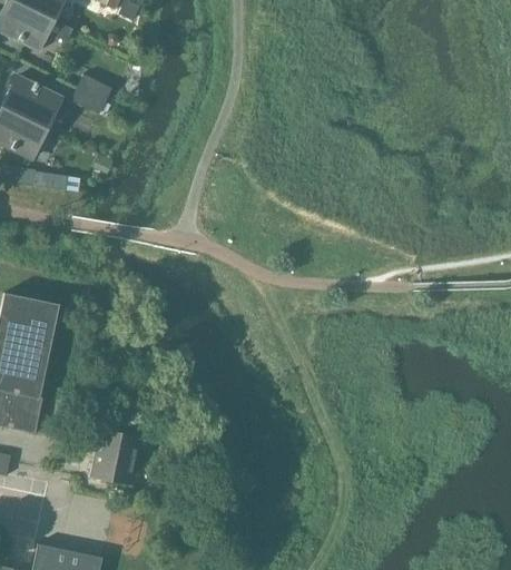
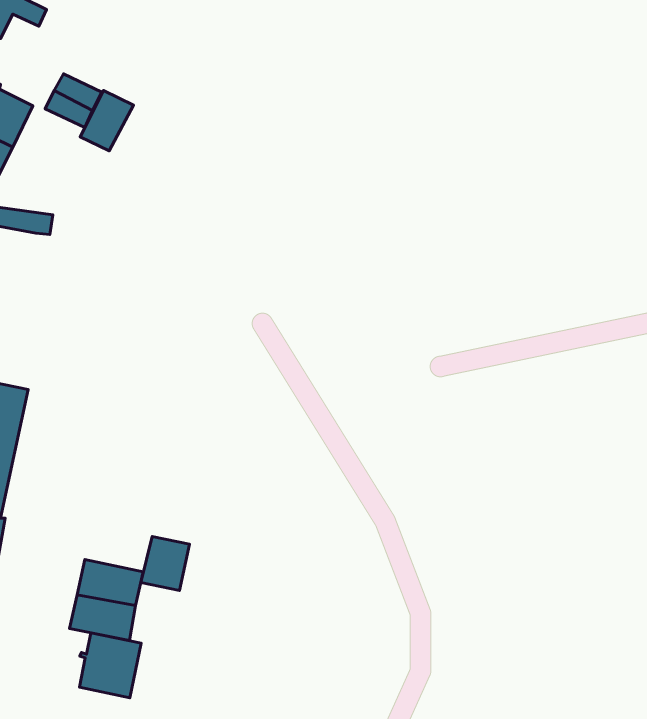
building: none -> [80,90,134,151]
building: none -> [141,537,189,590]
building: none -> [80,633,141,698]

